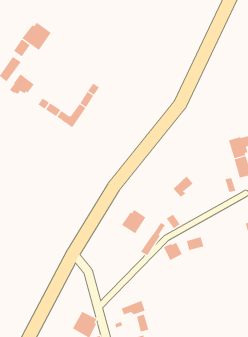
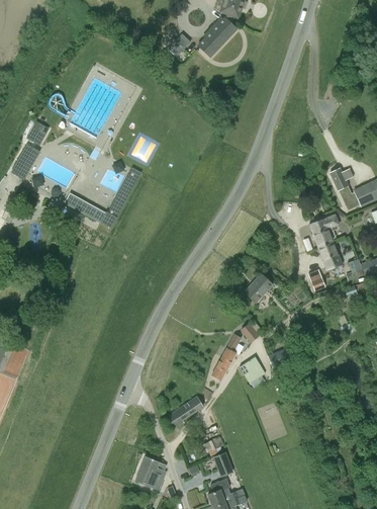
building: [21,22,51,51] -> none
building: [9,74,35,95] -> none
building: [121,209,146,234] -> none
building: none -> [166,397,202,429]

